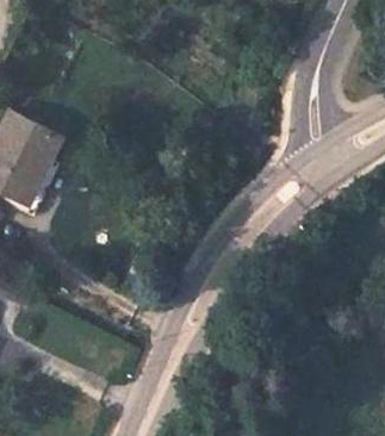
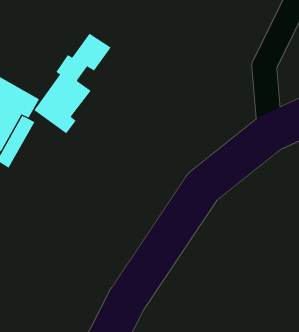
building: none -> [33,33,111,134]

